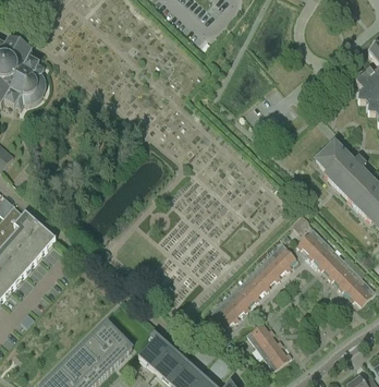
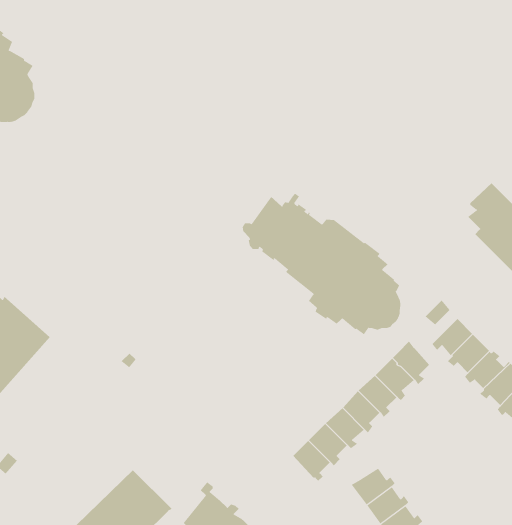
building: none -> [242,193,401,335]

